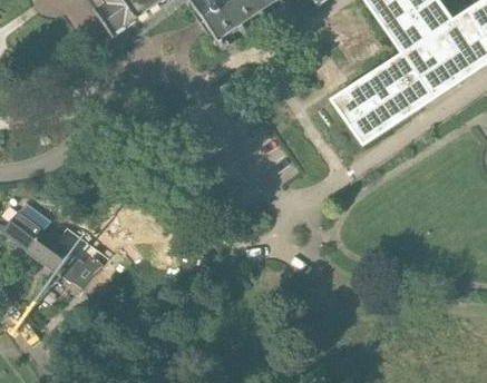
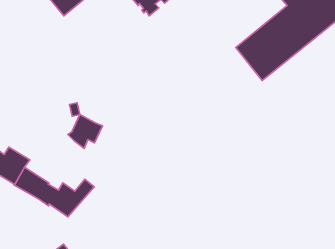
building: none -> [68,115,102,148]

